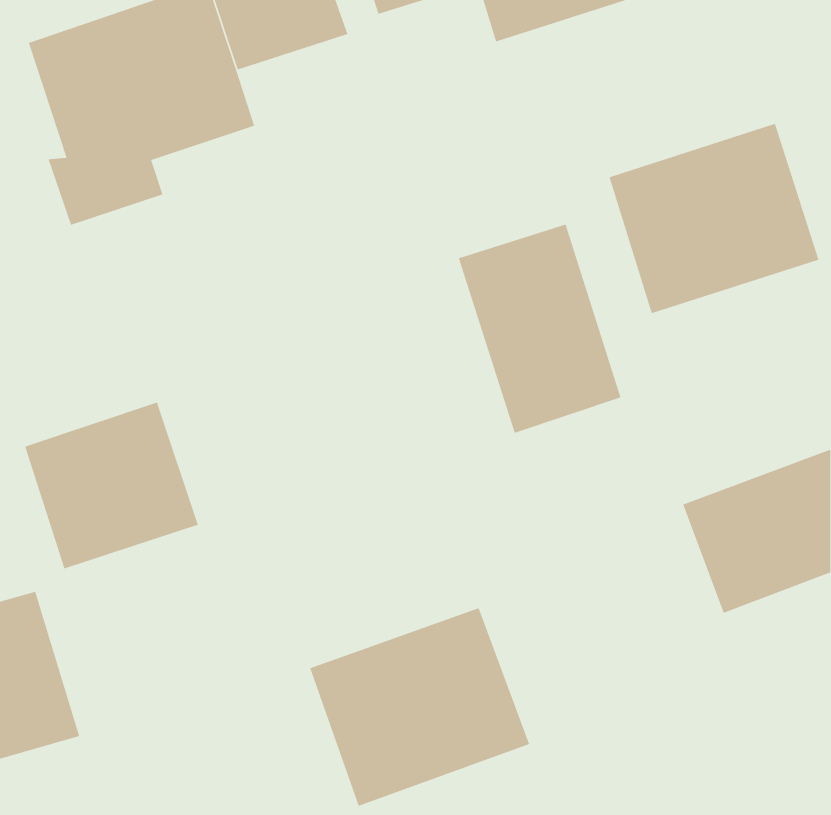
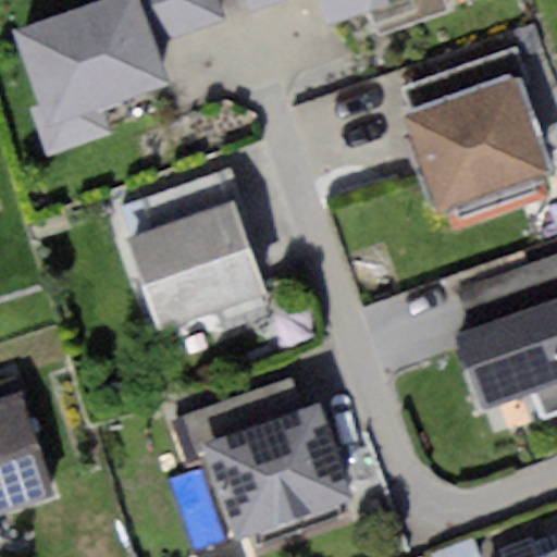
building: [458,223,622,434] -> none
building: none -> [125,200,264,325]
building: [24,402,199,569] -> none

